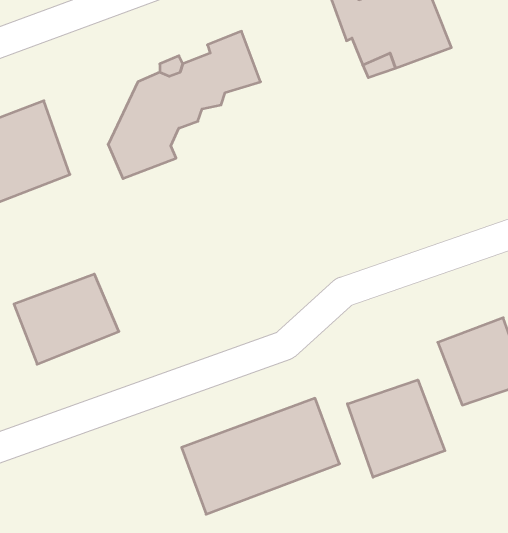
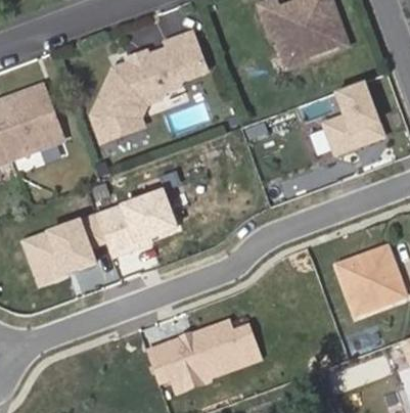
building: none -> [322,78,384,153]
building: none -> [81,184,179,260]
building: [347,380,445,477] -> none

